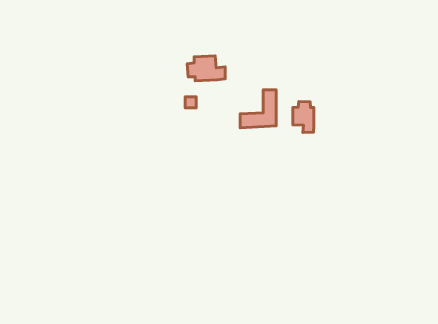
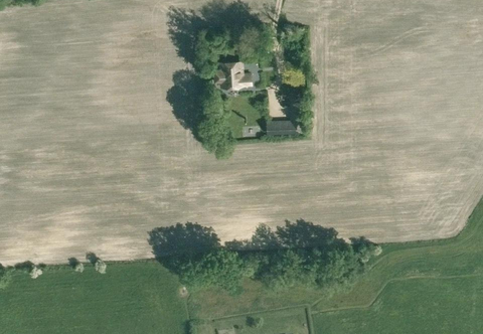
building: [293,101,314,133] -> none

